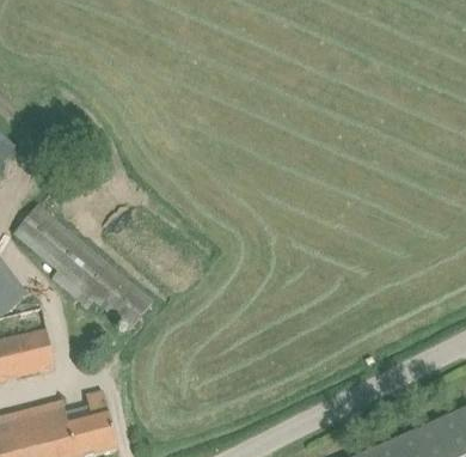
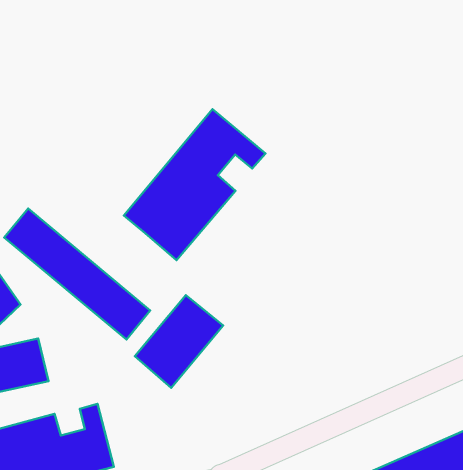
building: none -> [124,109,265,260]
building: none -> [135,295,223,388]

